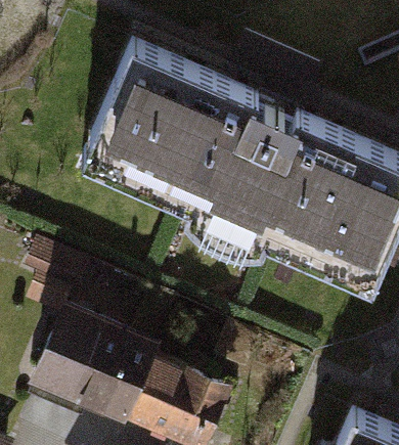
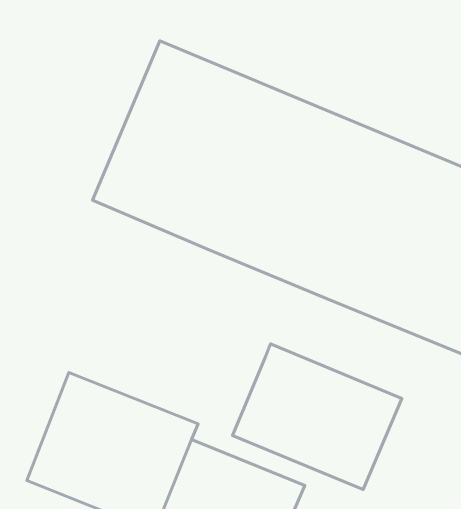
building: none -> [233,344,402,490]

